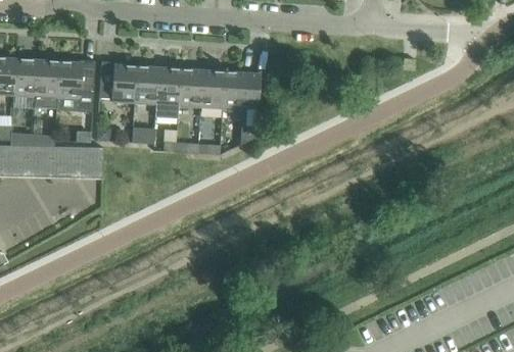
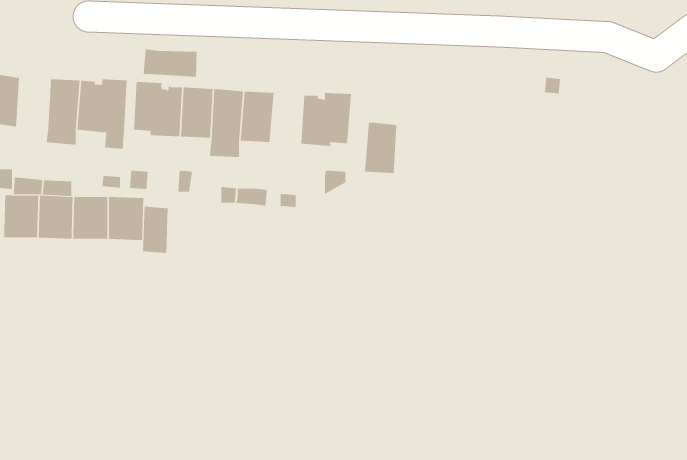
building: none -> [143,48,197,78]
building: [13,59,38,97] -> none
building: [200,70,225,108] -> [364,122,397,173]
building: none -> [143,206,168,254]

